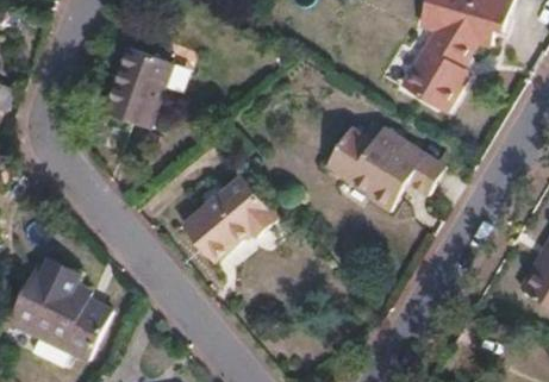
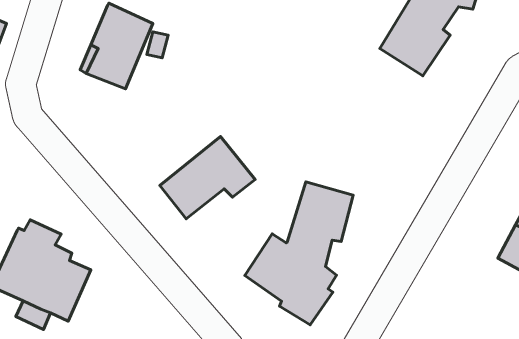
building: [330,120,447,203] -> none
building: none -> [245,182,353,325]

